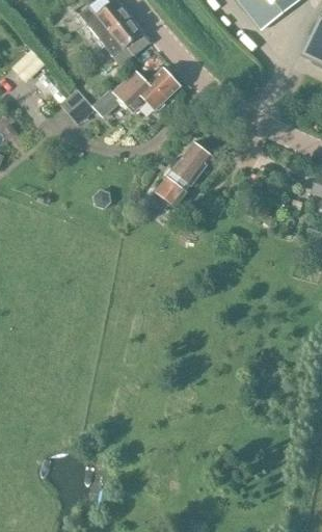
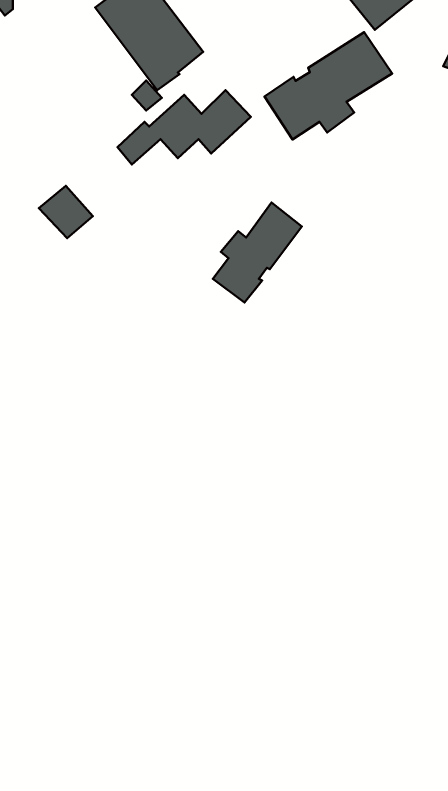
building: none -> [265,32,392,140]
building: [59,88,95,123] -> [39,186,93,238]

